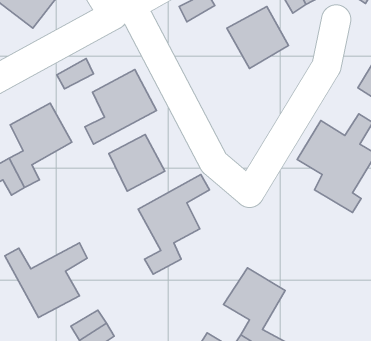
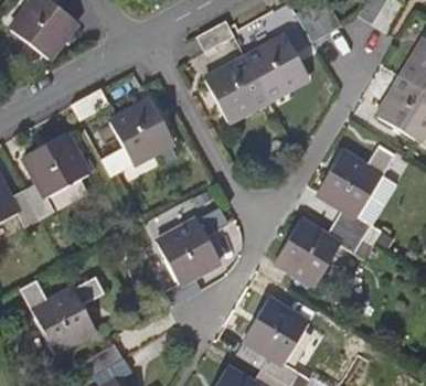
building: none -> [203,58,268,122]
building: [109,134,165,191] -> none
building: none -> [275,219,373,285]

